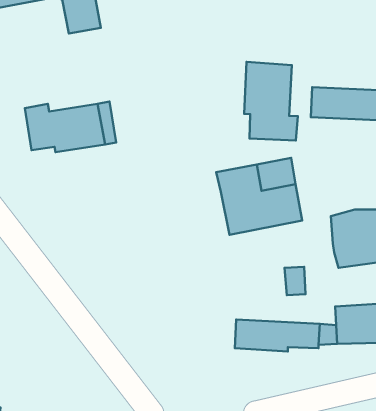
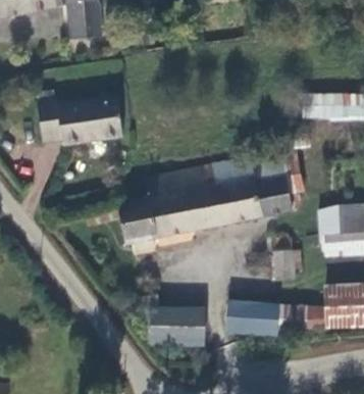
building: [244,62,298,141] -> none
building: none -> [120,168,224,242]
building: none -> [154,308,205,346]

